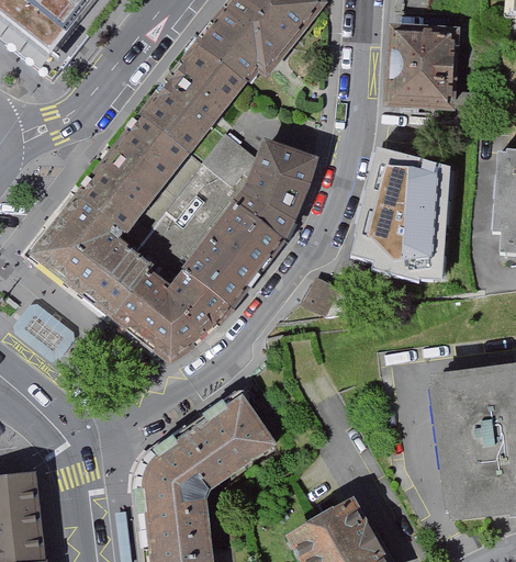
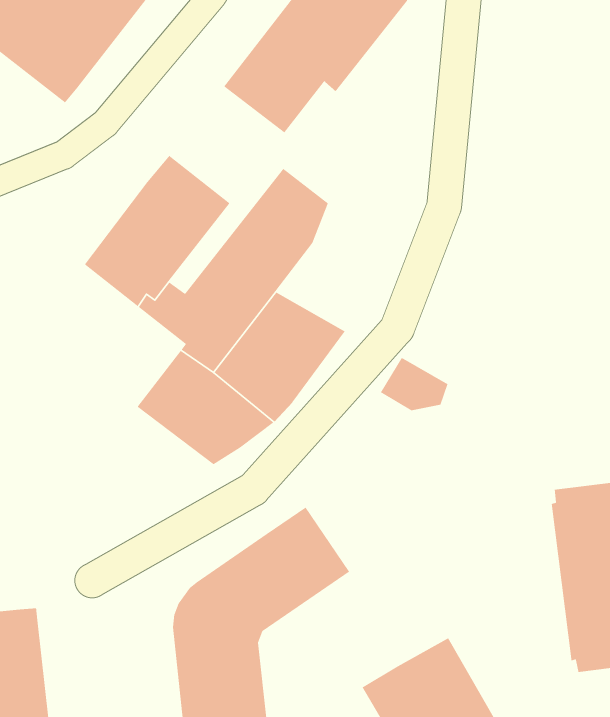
building: [389,31,451,108] -> none
building: [136,69,225,159] -> none
building: [218,143,316,258] -> none
building: [350,150,450,282] -> none
building: [32,206,148,316] -> none
building: [15,304,72,356] -> none

